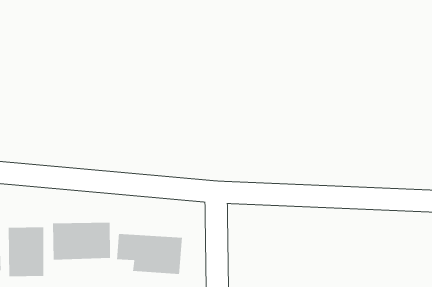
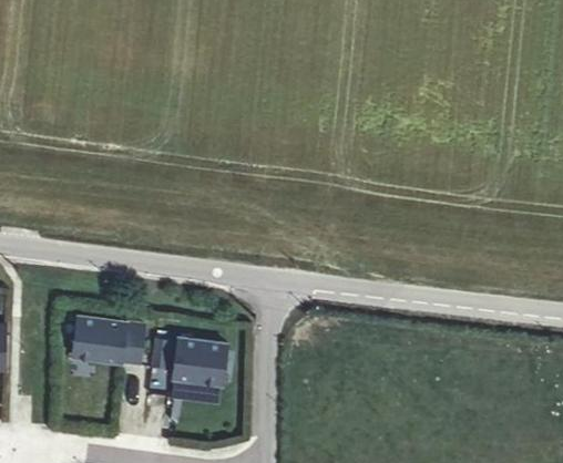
building: [8,227,44,277] -> none

